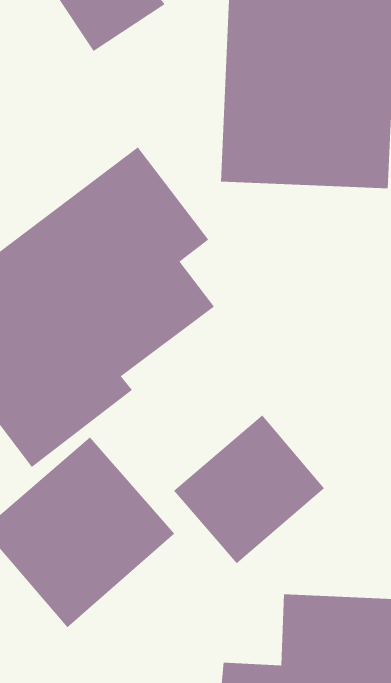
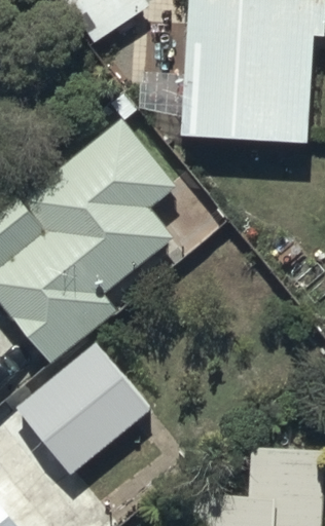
building: [173,415,325,564] -> none

